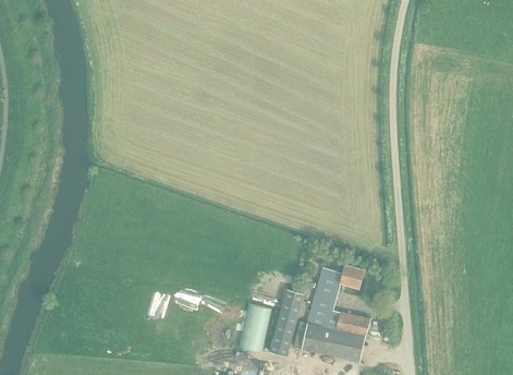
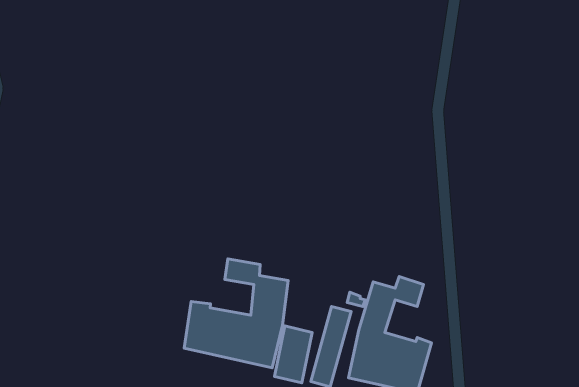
building: none -> [184,259,288,368]

